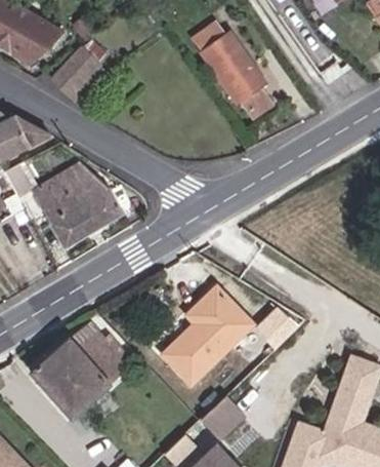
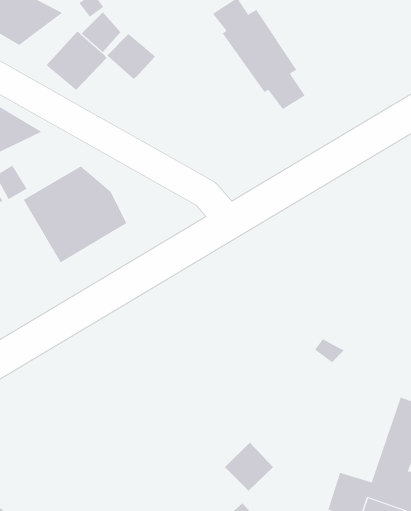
building: none -> [107,33,156,80]
building: [163,291,252,385] -> none
building: [32,325,123,415] -> none

